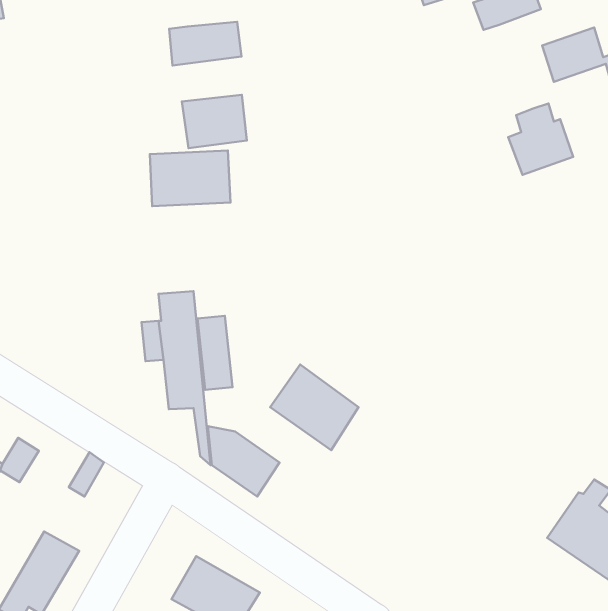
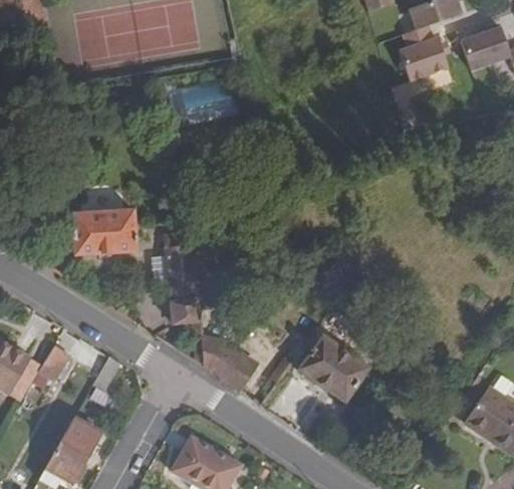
building: [169,22,241,66] -> none
building: [508,103,573,175] -> [396,26,446,81]
building: [150,150,230,206] -> [74,210,137,253]
building: [270,364,359,450] -> [299,334,367,401]

